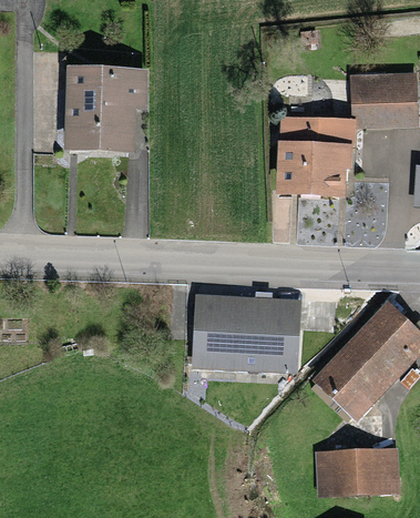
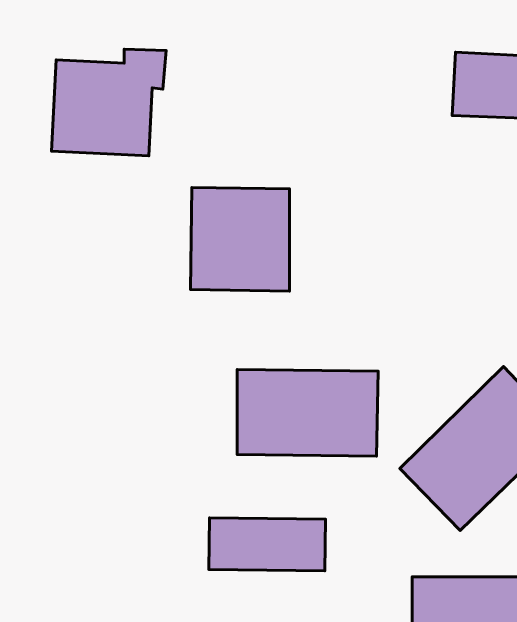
building: [278,121,349,195] -> [190,187,289,291]
building: none -> [209,518,326,571]

